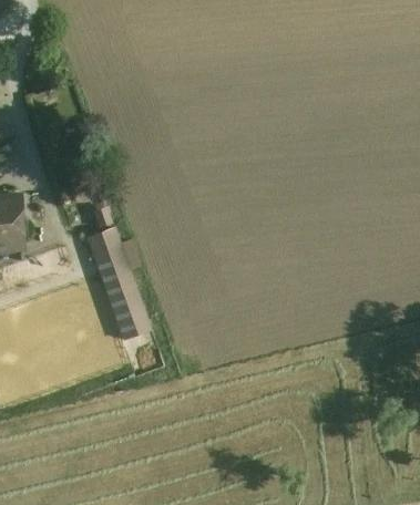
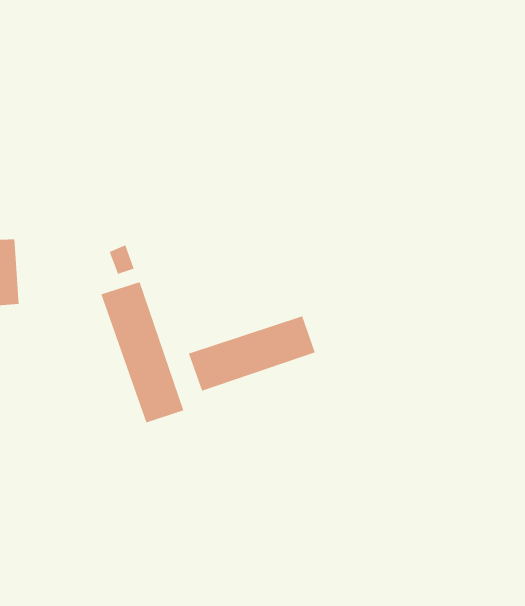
building: none -> [188,316,316,392]

